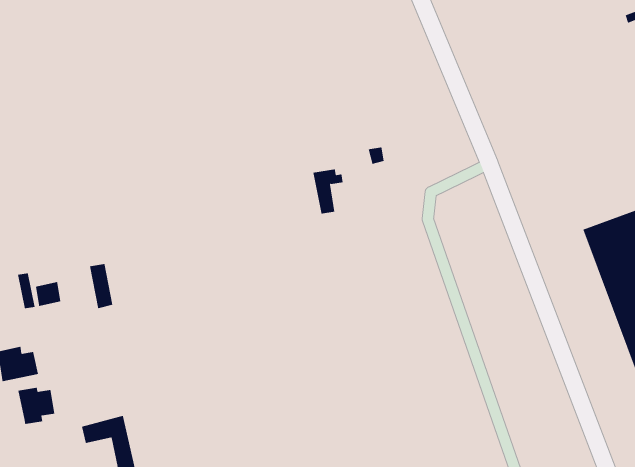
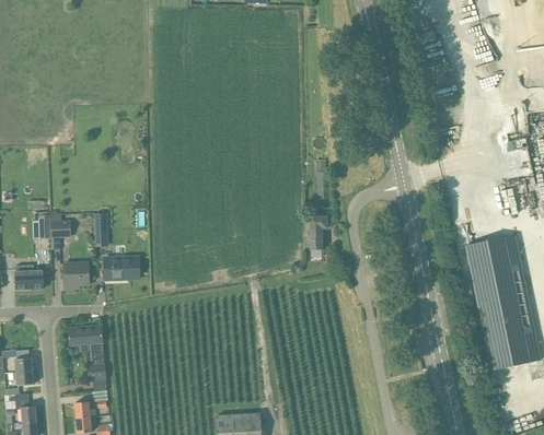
building: [313,169,344,214] -> [309,216,331,248]
building: none -> [102,256,138,280]
building: [17,387,55,425] -> [62,262,88,289]

